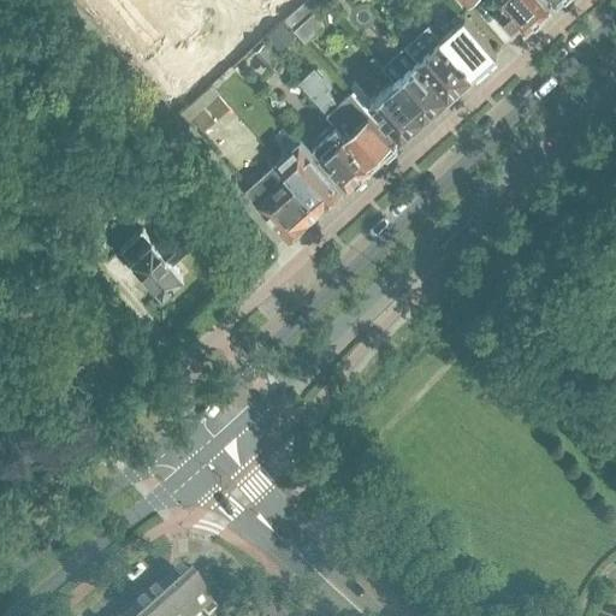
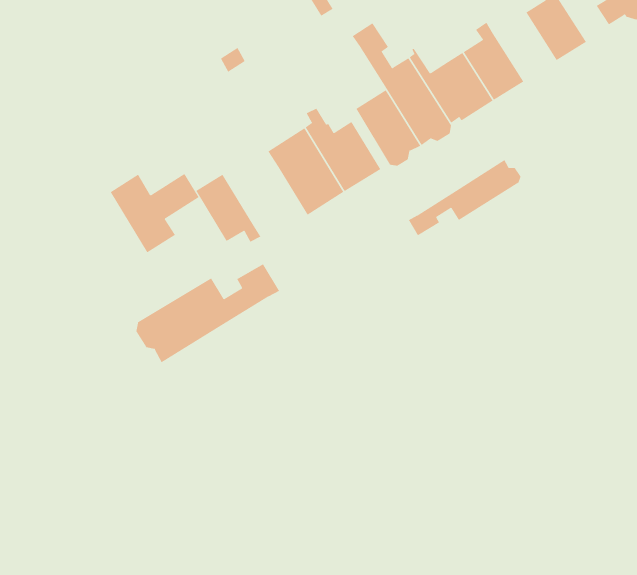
building: [417,41,474,99] -> none
building: none -> [408,159,521,236]
building: none -> [195,174,261,242]
building: none -> [136,263,280,363]

